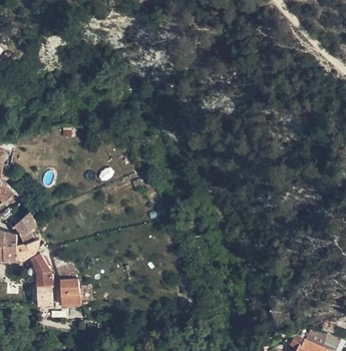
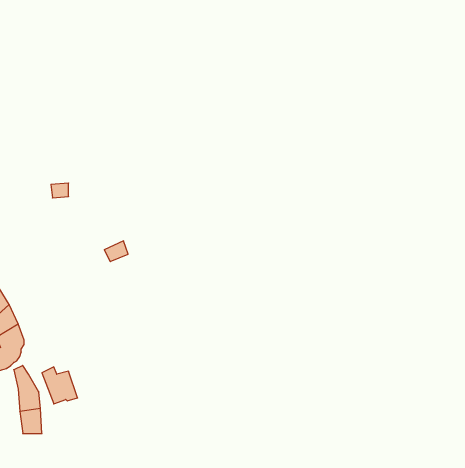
building: [59,281,80,306] -> none

